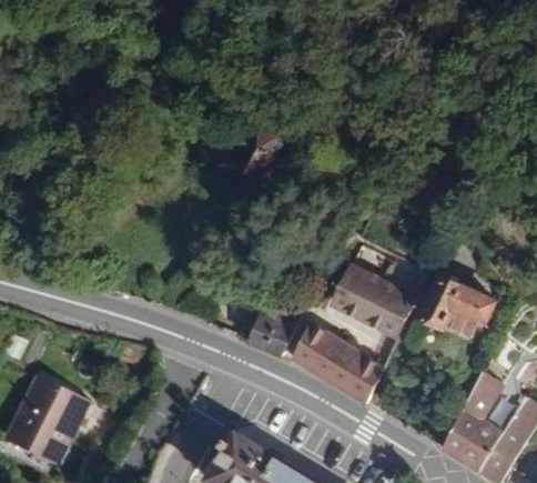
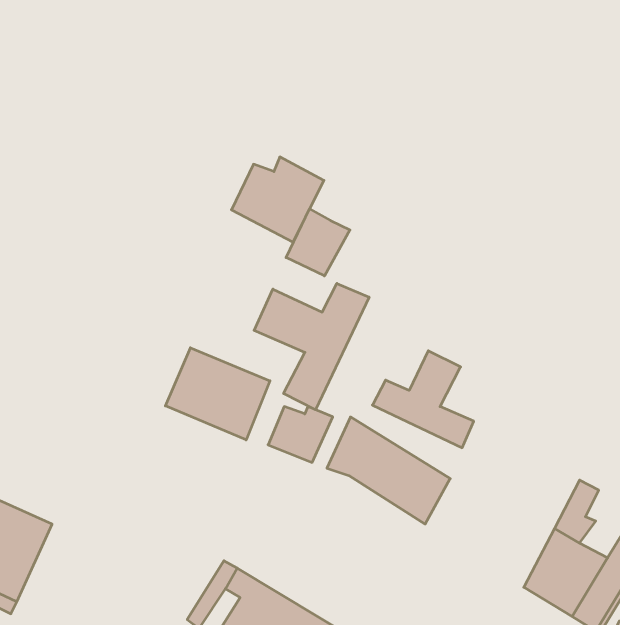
building: none -> [286,209,350,276]
building: none -> [254,283,369,410]
building: none -> [165,348,270,440]
building: [425,273,499,331] -> none

